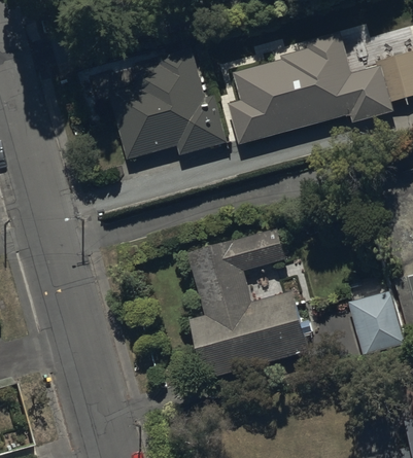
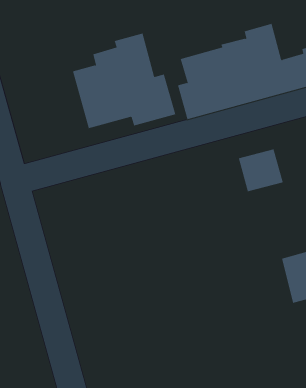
building: none -> [238,149,283,192]
building: [190,232,310,380] -> none

